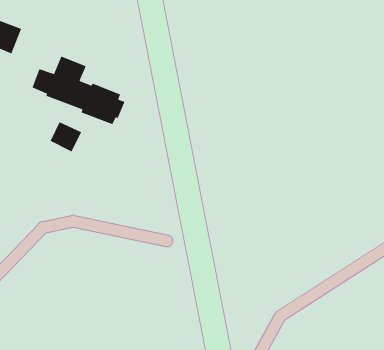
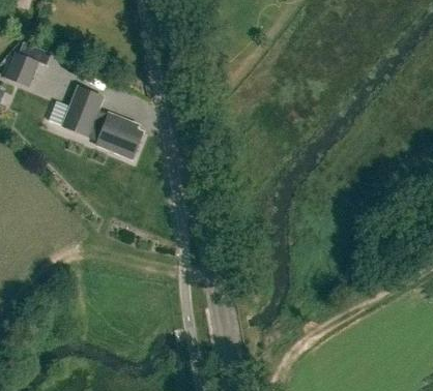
building: [50,121,82,153] -> none

